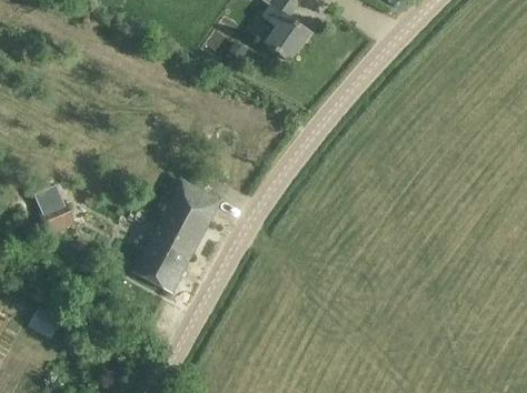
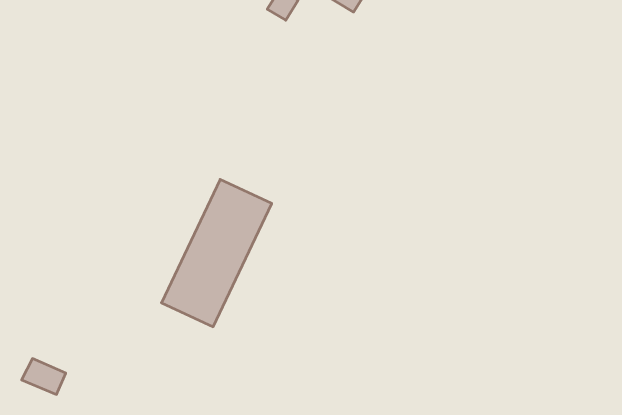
building: [34,189,76,233] -> none

